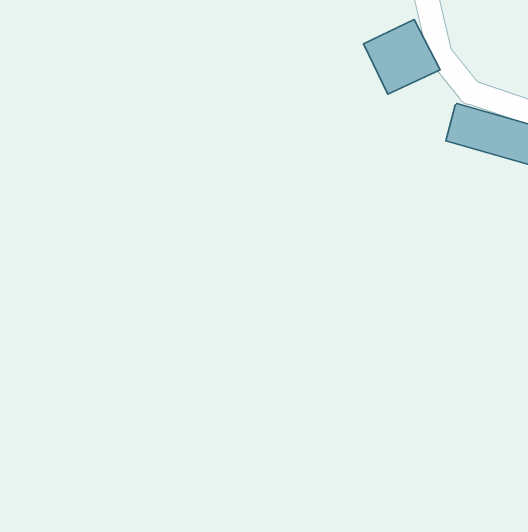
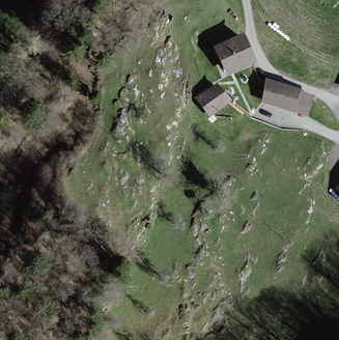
building: none -> [196,83,229,116]

